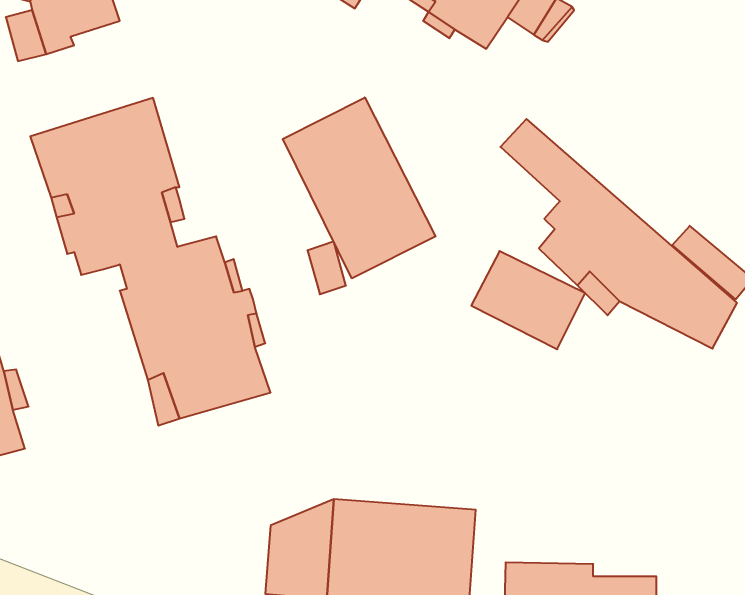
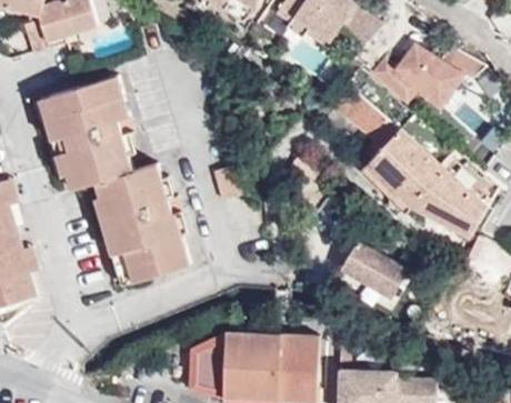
building: none -> [369,43,482,111]
building: [283,97,436,278] -> none
building: [471,251,585,349] -> [335,243,408,305]

